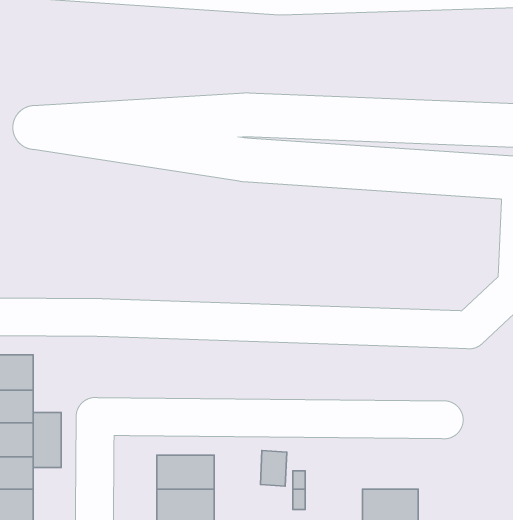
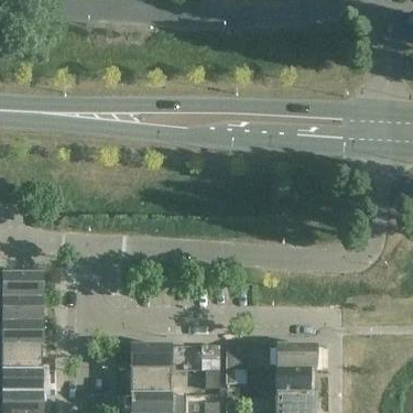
building: [33,412,61,467] -> none
building: none -> [276,348,316,372]

